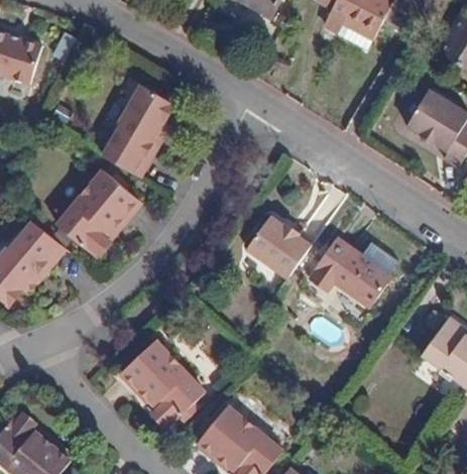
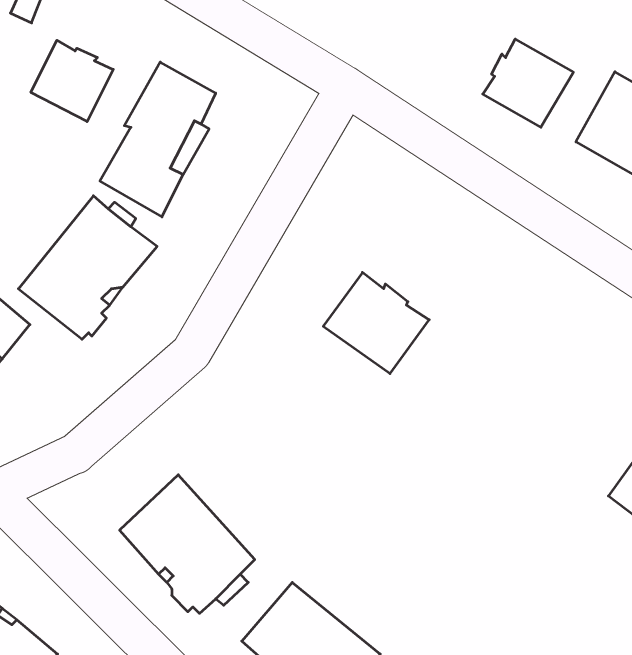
building: none -> [483,39,573,127]
building: none -> [31,40,113,122]
building: [308,240,395,311] -> none

